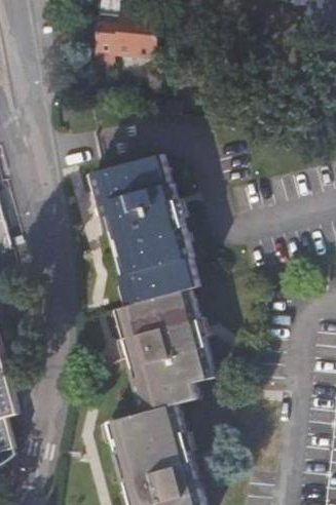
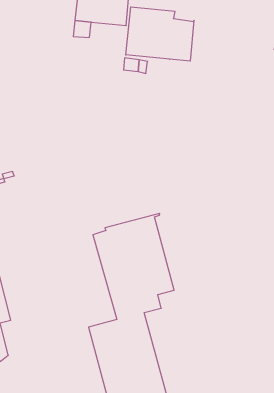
building: none -> [126,7,194,61]
building: [94,154,195,302] -> none

